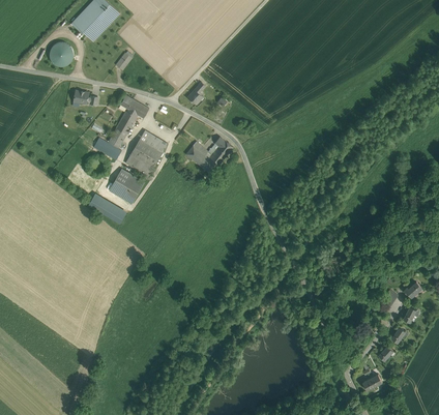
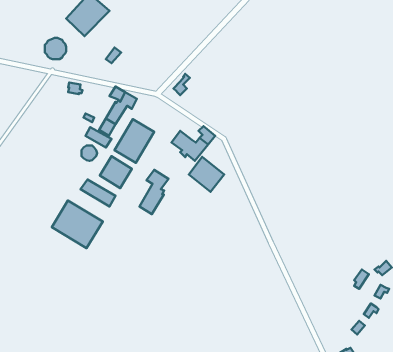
building: none -> [189,157,224,192]
building: none -> [140,170,169,214]
building: none -> [52,201,103,248]

